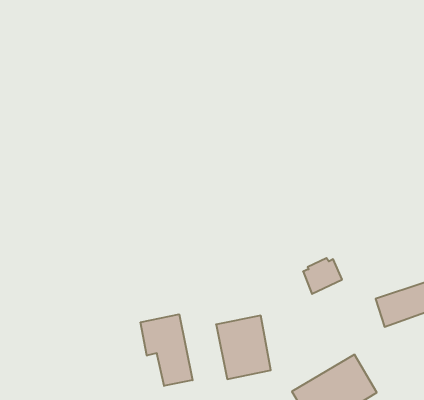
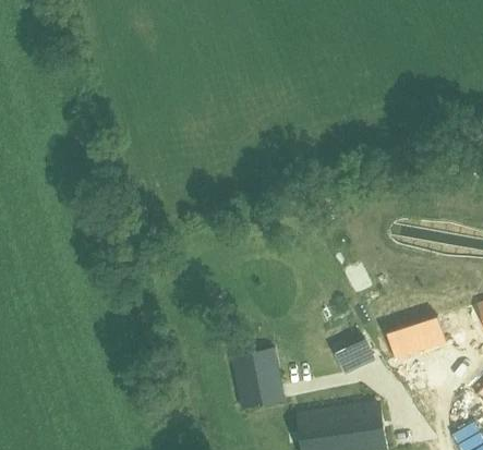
building: [303,258,342,294] -> [335,340,373,375]
building: [141,314,193,386] -> none

